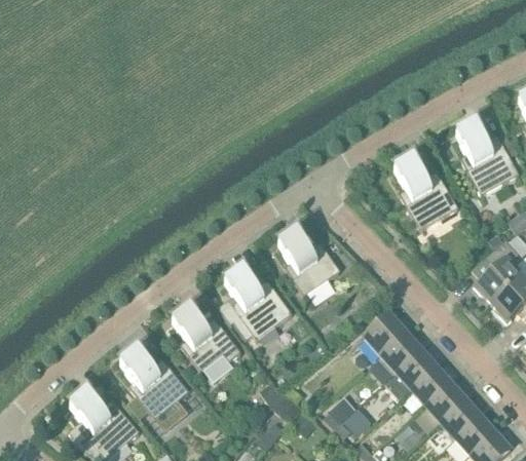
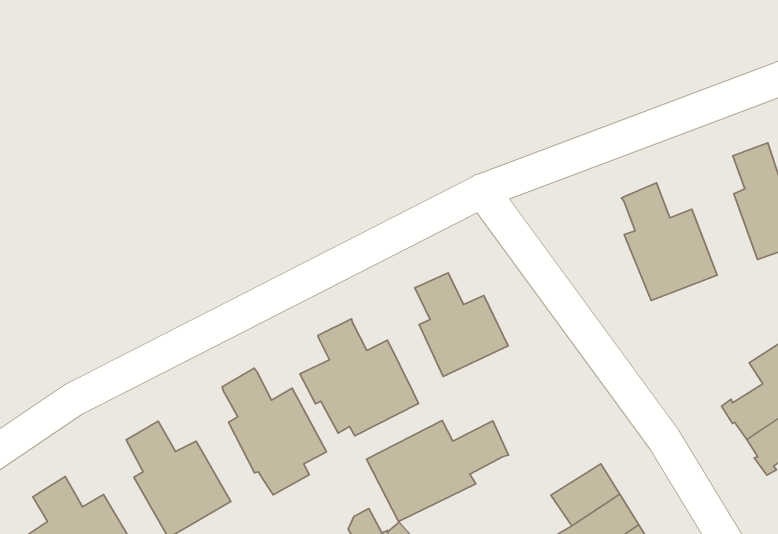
building: [363,313,406,352] -> none
building: none -> [367,420,509,522]

